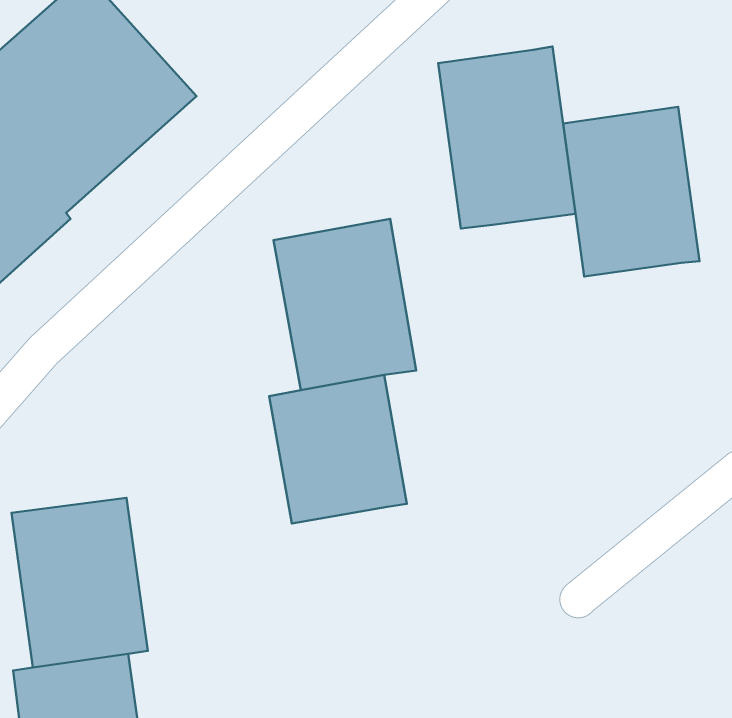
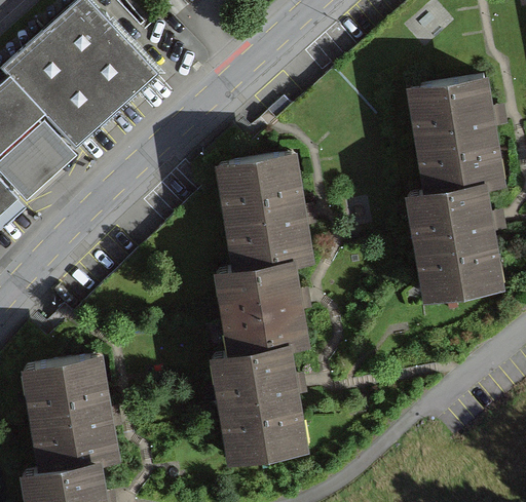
building: [438,47,575,228] -> none
building: none -> [410,185,503,304]
building: none -> [205,350,308,468]

